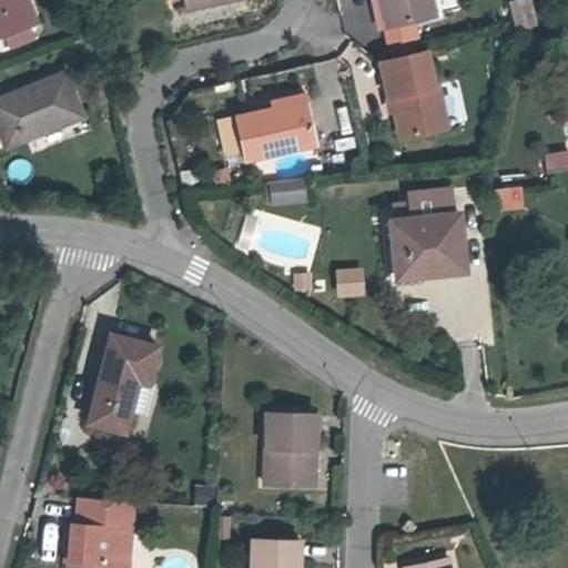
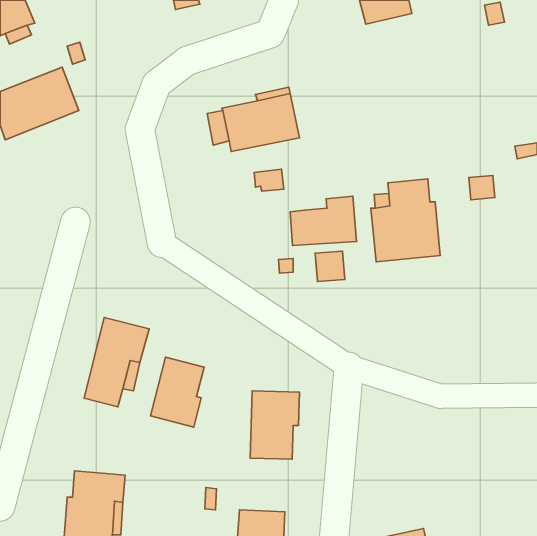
building: [381,45,447,139] -> none
building: none -> [290,196,356,246]
building: none -> [151,357,204,427]

